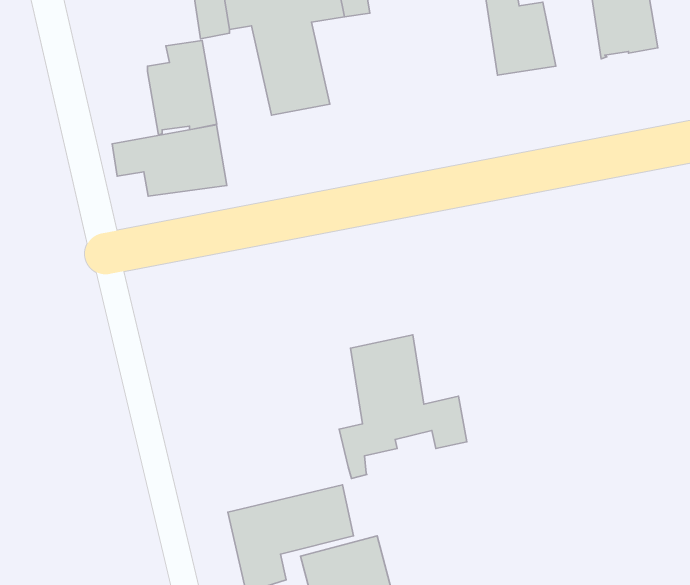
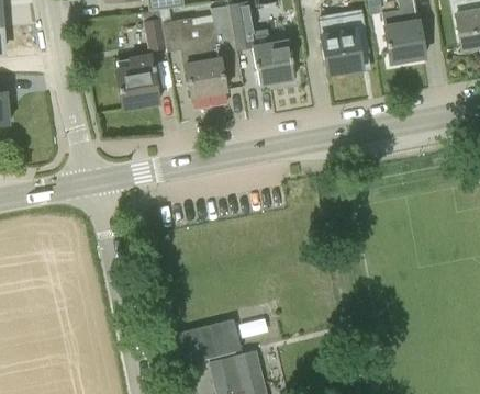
building: none -> [250,40,294,86]
building: [112,125,227,196] -> none
building: [339,335,467,479] -> none

